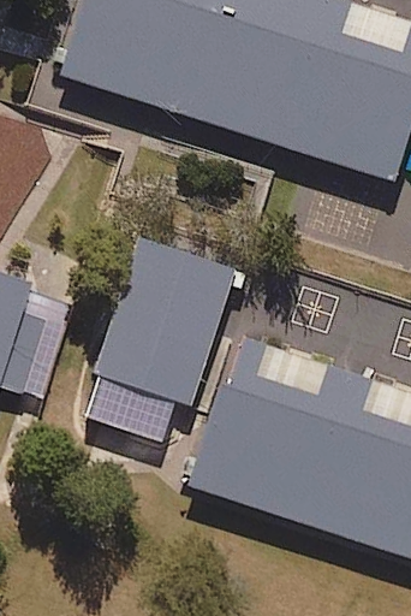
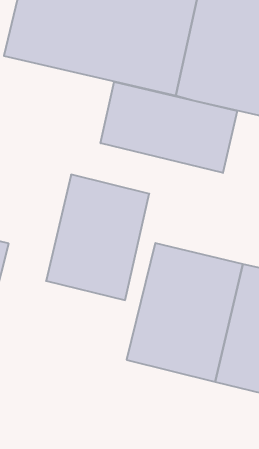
building: none -> [101,82,237,173]

